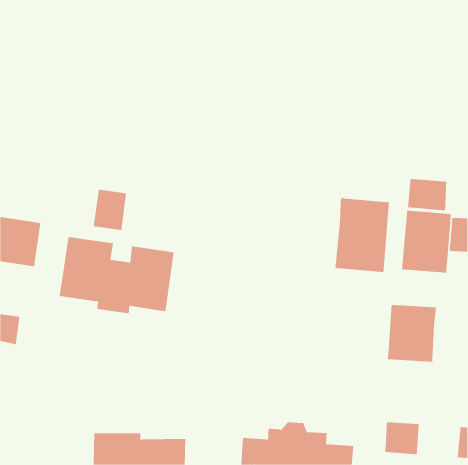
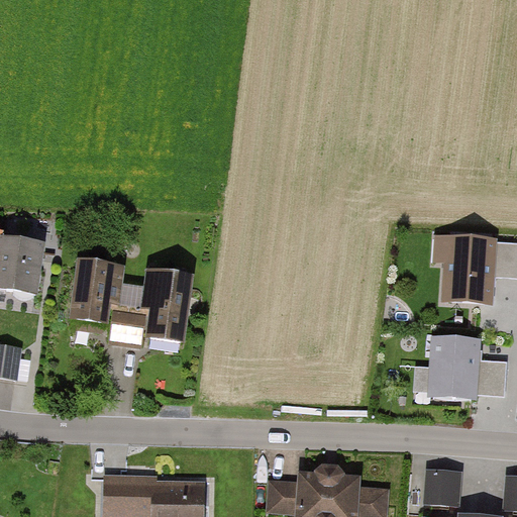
building: [407,178,447,211] -> none
building: [93,189,127,231] -> none
building: [335,198,390,273] -> none
building: none -> [477,358,507,396]

